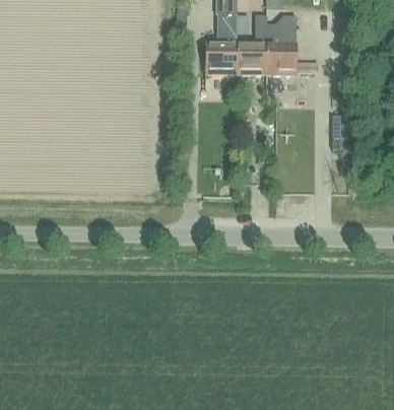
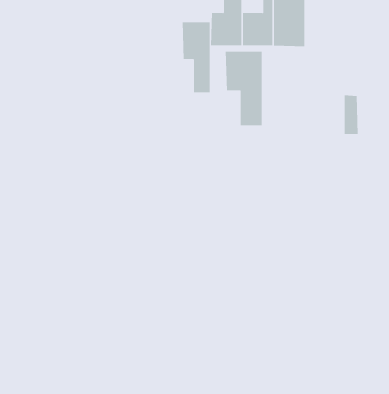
building: none -> [182,22,210,93]
building: none -> [225,51,262,126]

